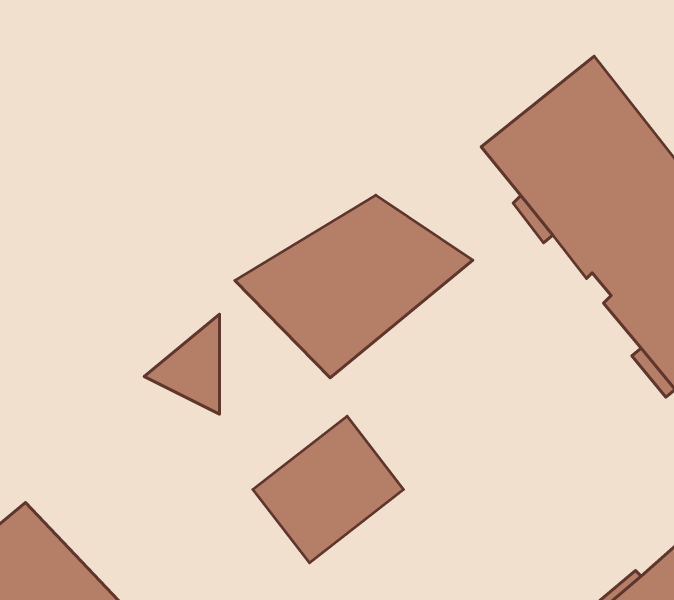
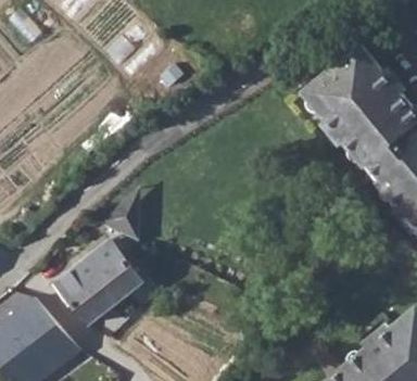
building: [235,195,473,378] -> none
building: [253,416,404,563] -> [56,240,143,325]

